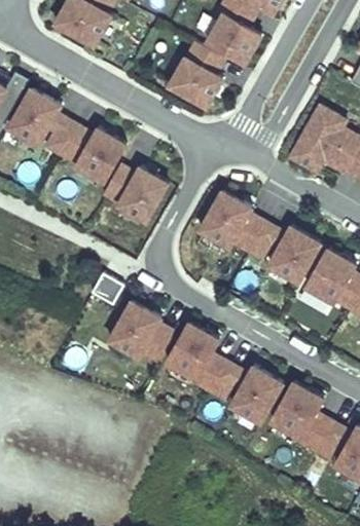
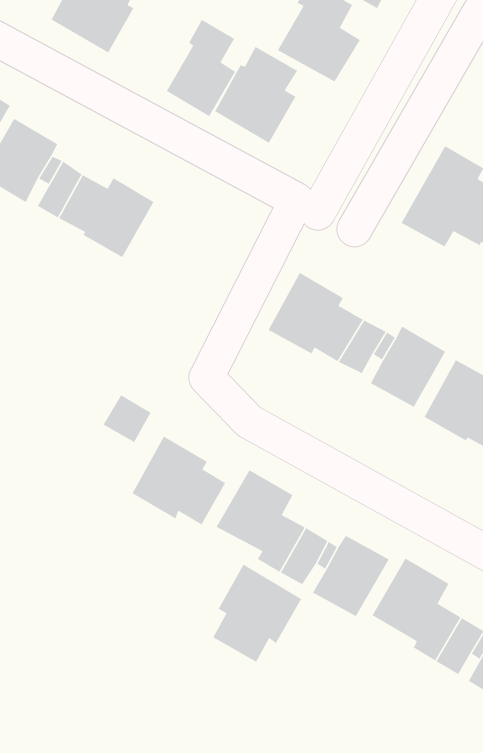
building: none -> [166,19,236,117]
building: [102,164,167,222] -> none
building: none -> [212,563,302,663]

